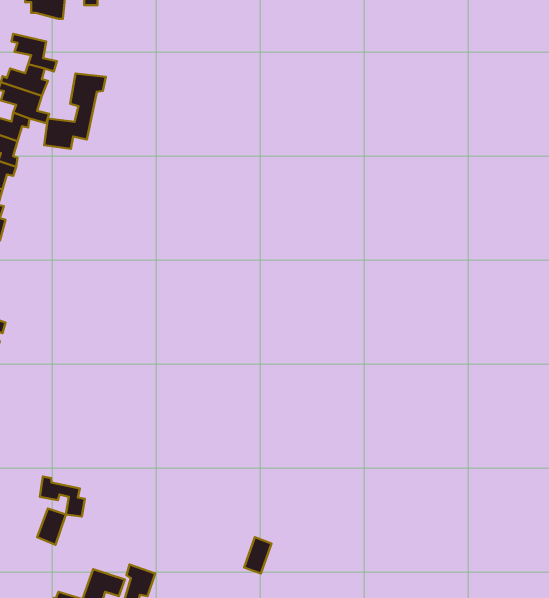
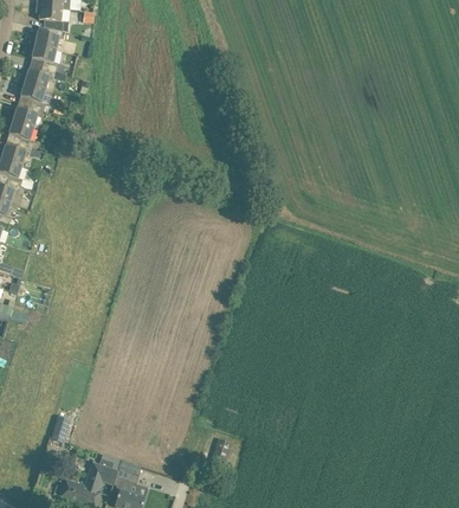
building: none -> [28,27,64,52]
building: [44,74,106,149] -> none
building: [40,477,85,517] -> none

